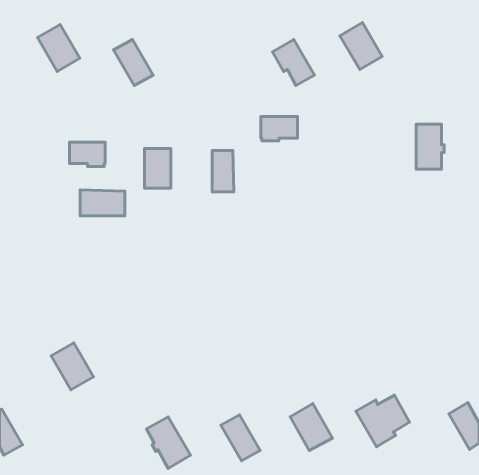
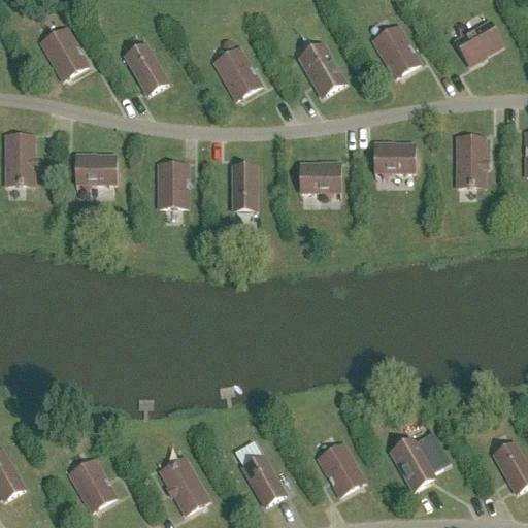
building: none -> [456,22,503,64]
building: none -> [214,46,261,99]
building: [261,116,297,141] -> [300,164,340,191]
building: none -> [6,134,37,184]
building: none -> [374,144,415,171]
building: [80,190,125,216] -> none
building: [51,343,93,390] -> [70,459,117,510]

